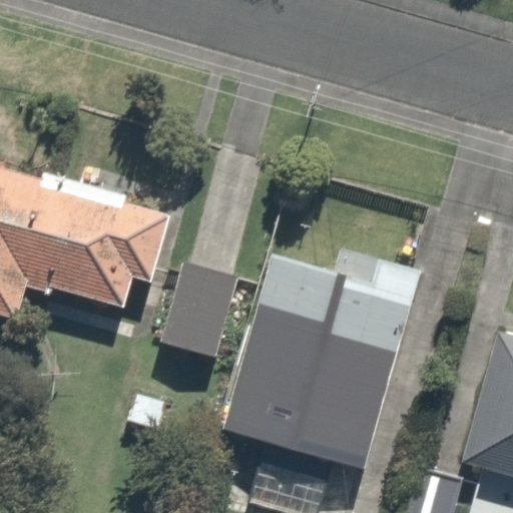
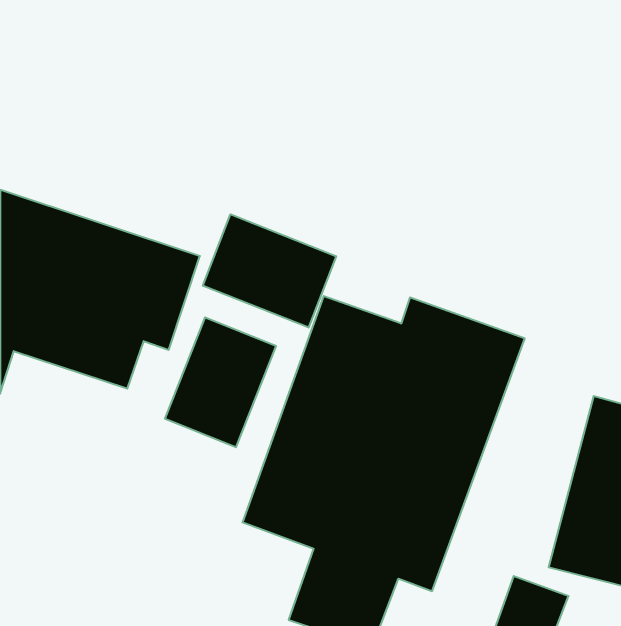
building: none -> [203,214,336,328]

